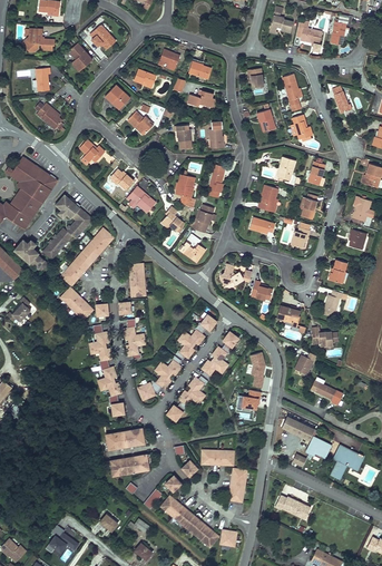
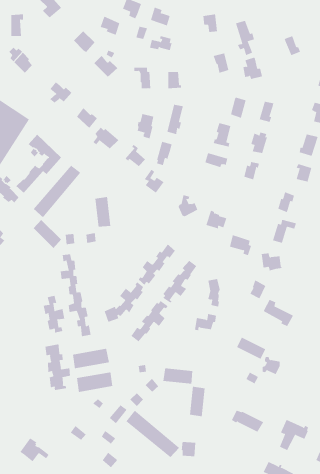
building: [121,320,146,361] -> [43,295,65,333]
building: none -> [45,344,70,391]
building: [332,446,364,480] -> [279,419,309,451]

